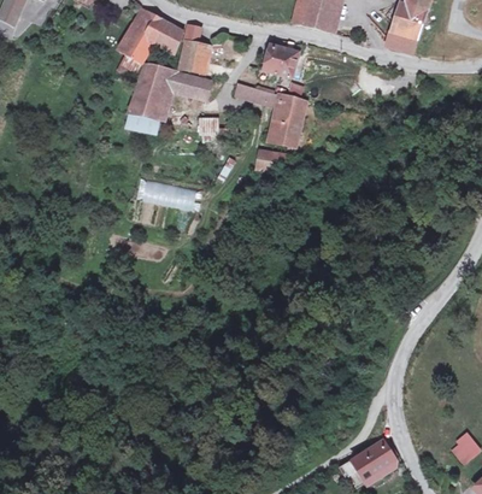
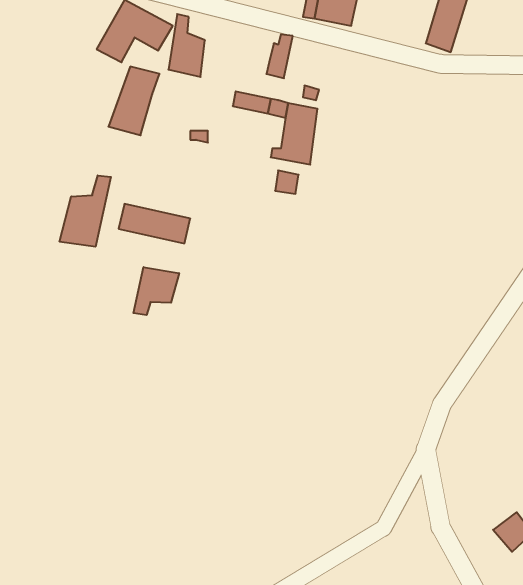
building: [275,40,296,78] -> none
building: [166,71,207,96] -> none
building: none -> [60,175,111,247]
building: none -> [133,267,179,315]
building: [345,442,400,482] -> none

